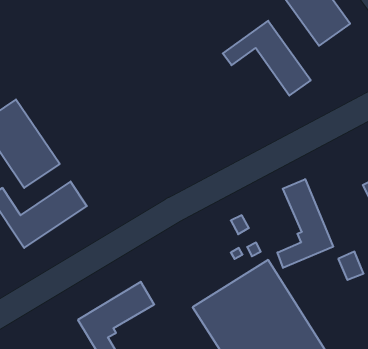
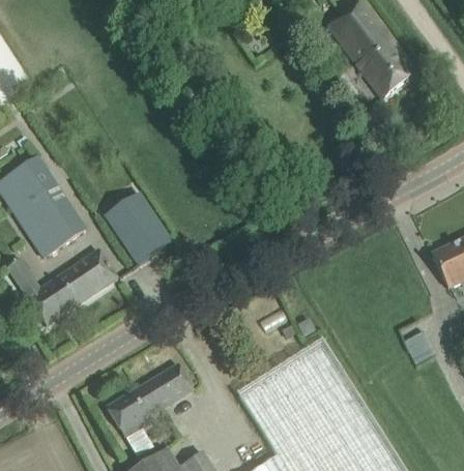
building: [223,21,311,96] -> none
building: none -> [106,195,171,265]
building: [277,179,333,268] -> none

